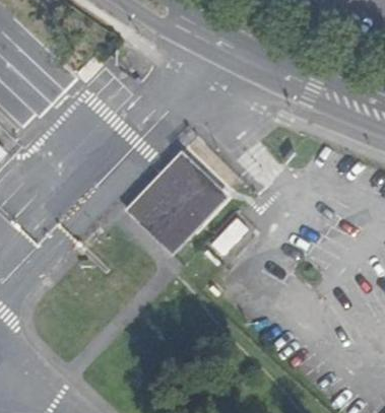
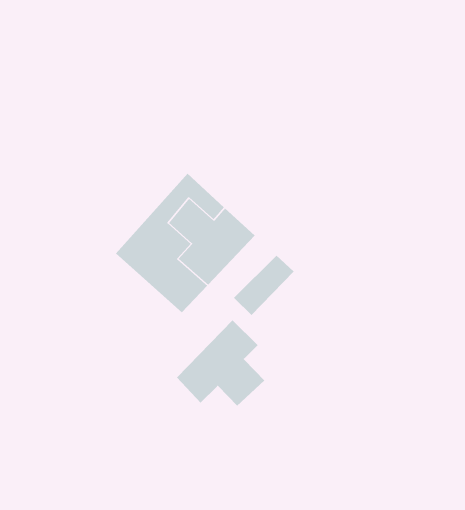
building: none -> [176,319,265,407]

